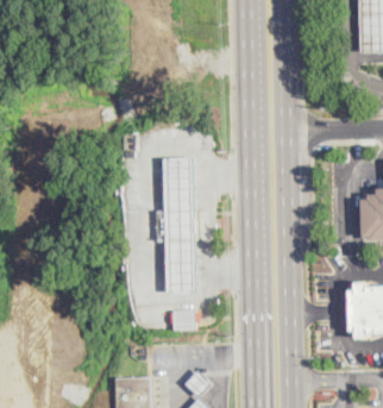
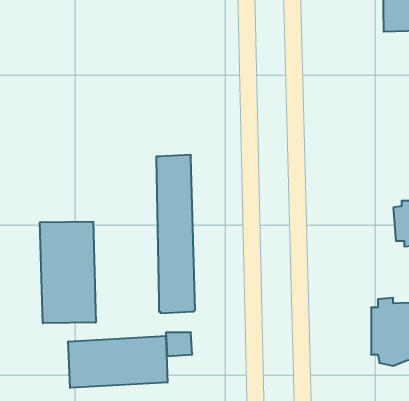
building: none -> [40,222,96,323]
building: none -> [68,336,168,388]

